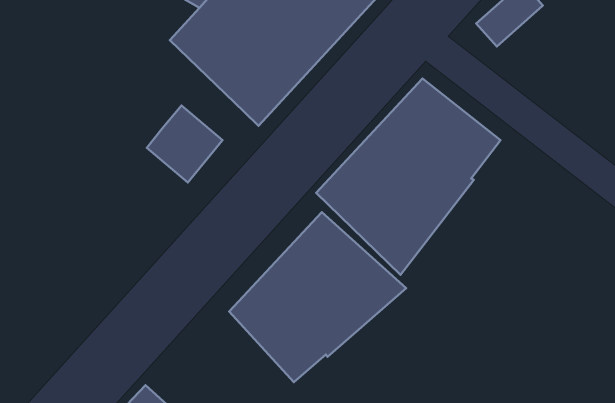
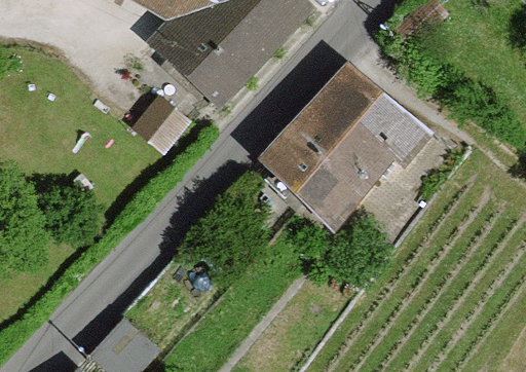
building: [229,212,406,382] -> none

